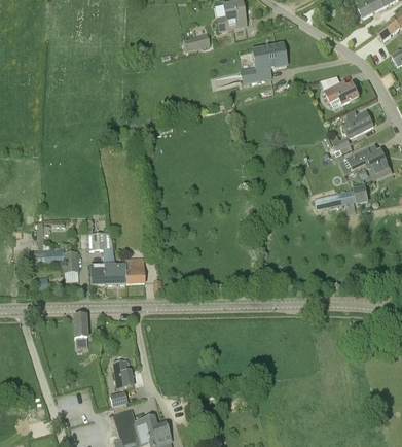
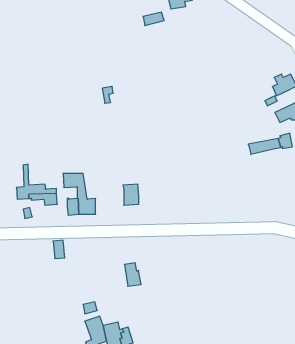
building: [240,44,286,84] -> none
building: [321,77,359,109] -> none
building: [124,259,144,284] -> [123,184,139,205]
building: [112,360,133,389] -> [124,263,141,286]

